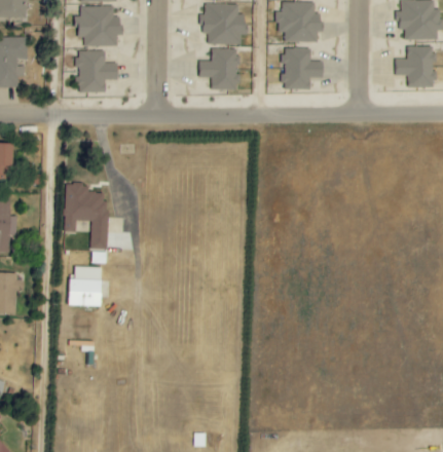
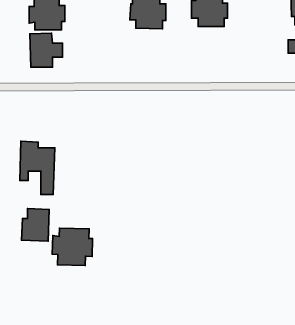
building: [283,47,323,89] -> none
building: [198,48,238,89] -> none
building: none -> [52,228,93,266]

